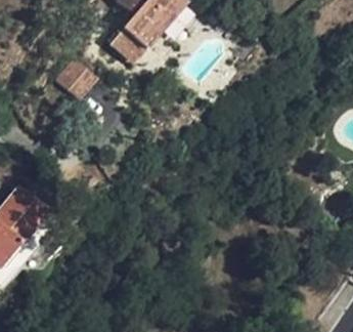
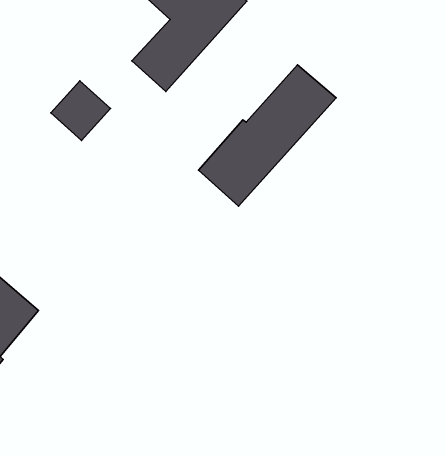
building: none -> [198,65,336,206]

